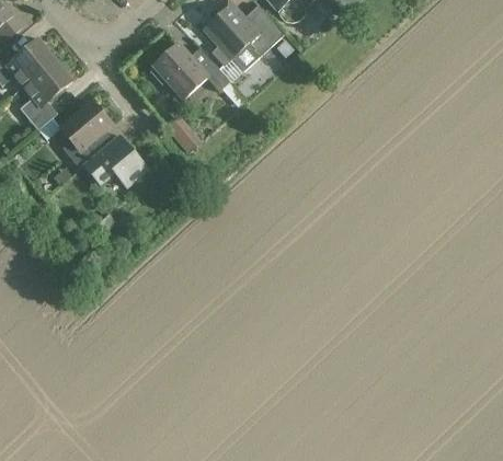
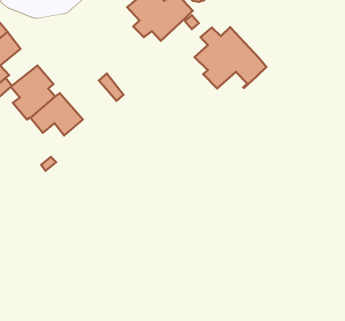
building: [149,43,229,97] -> none
building: none -> [195,27,267,88]

